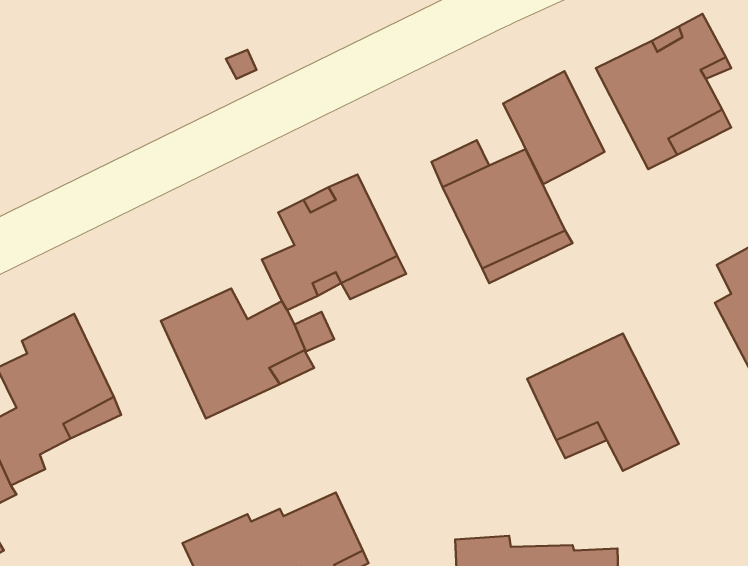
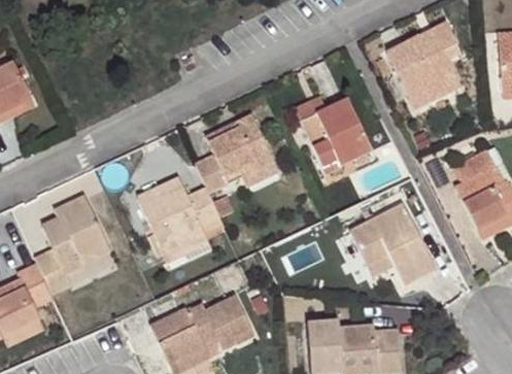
building: [503,71,605,184] -> none

